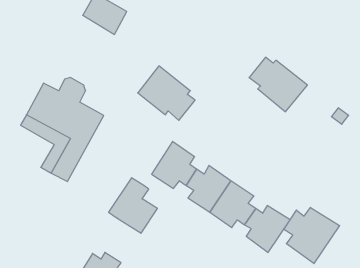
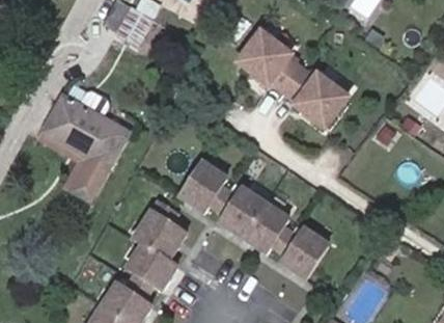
building: [138,66,195,120] -> [241,32,303,91]
building: [284,207,340,264] -> none
building: none -> [126,244,176,293]

